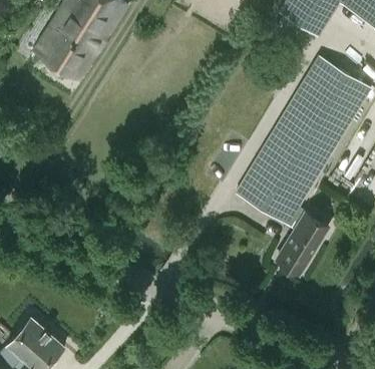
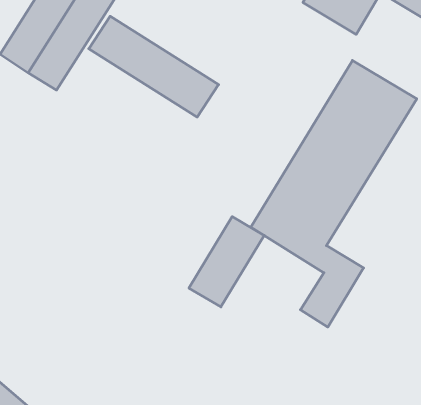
building: none -> [89,16,219,117]
building: none -> [189,217,264,307]

